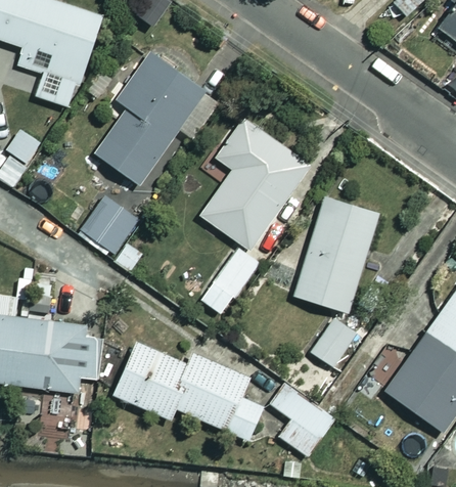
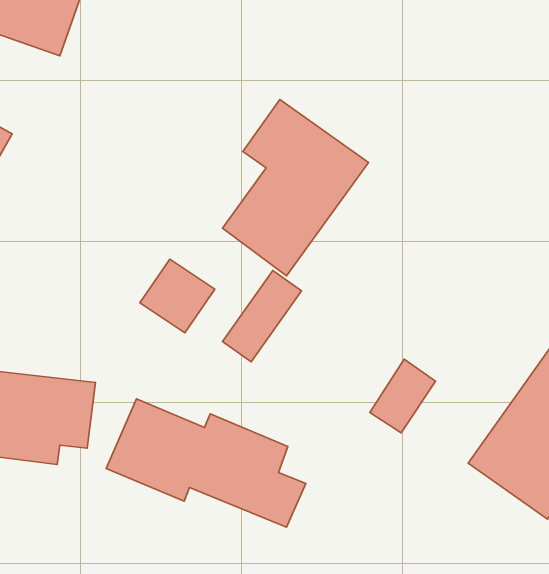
building: [95,52,210,184] -> none
building: [293,196,379,313] -> none
building: [81,197,137,253] -> [140,259,215,333]
building: [270,385,333,457] -> none

